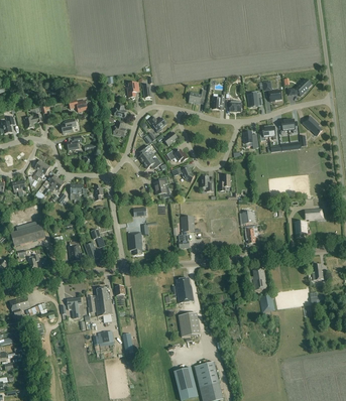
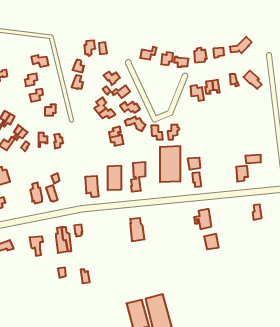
building: none -> [160,146,180,182]
building: none -> [108,166,121,190]
building: [178,311,200,336] -> none

